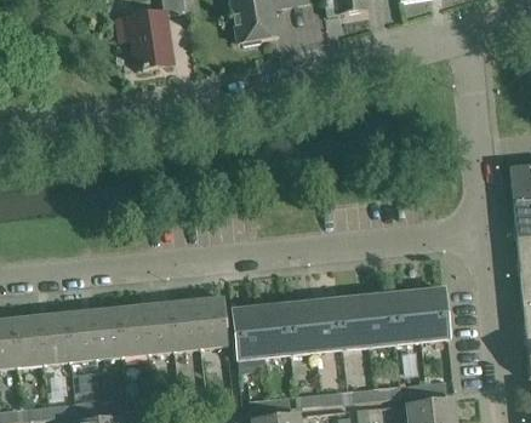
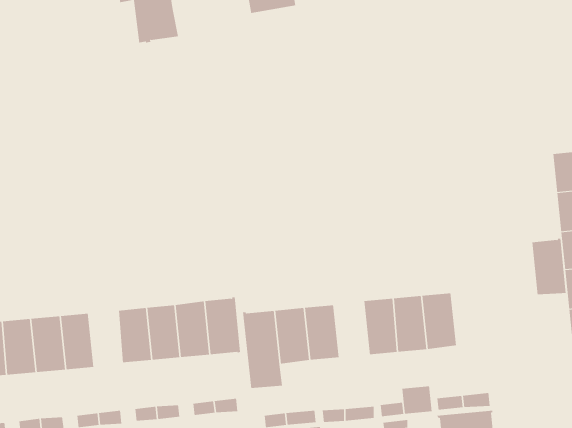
building: [418,288,450,339] -> [531,238,567,295]
building: [313,299,344,350] -> none
building: [92,308,122,359] -> none

